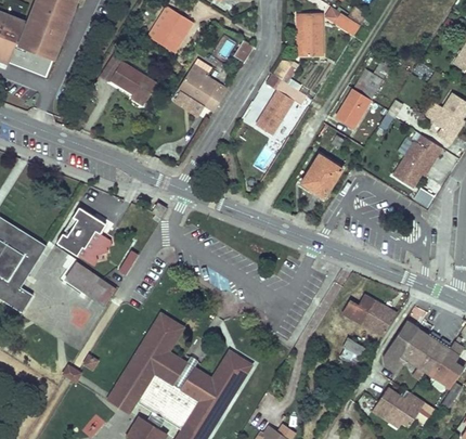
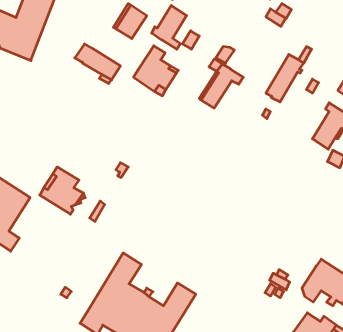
building: none -> [152,5,187,49]
building: [301,14,323,56] -> none
building: [301,155,341,197] -> none
building: [66,263,115,306] -> none
building: [342,292,397,337] -> none

